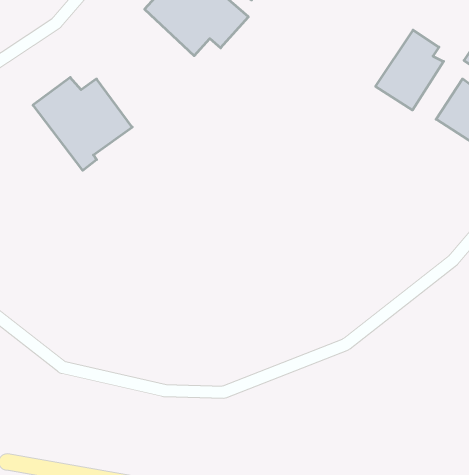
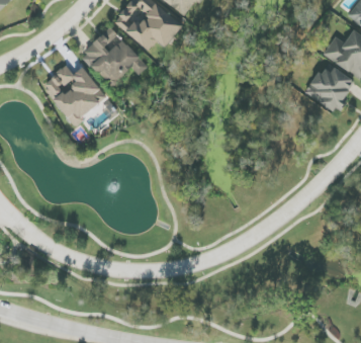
building: none -> [82,26,148,85]
building: [376,30,444,110] -> none

